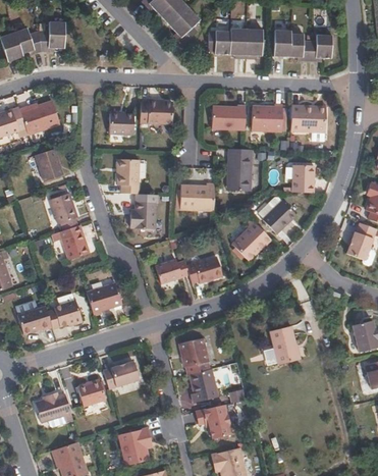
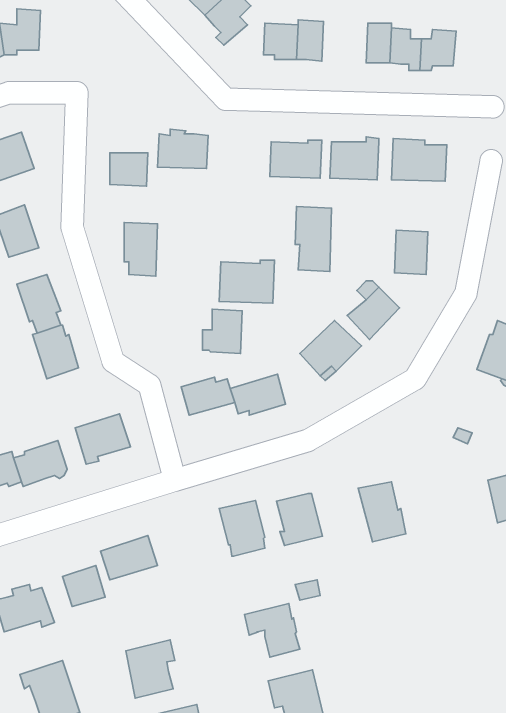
building: [246,30,262,55] -> none
building: [130,202,156,230] -> [203,309,242,353]
building: [188,369,218,403] -> [277,493,322,546]

